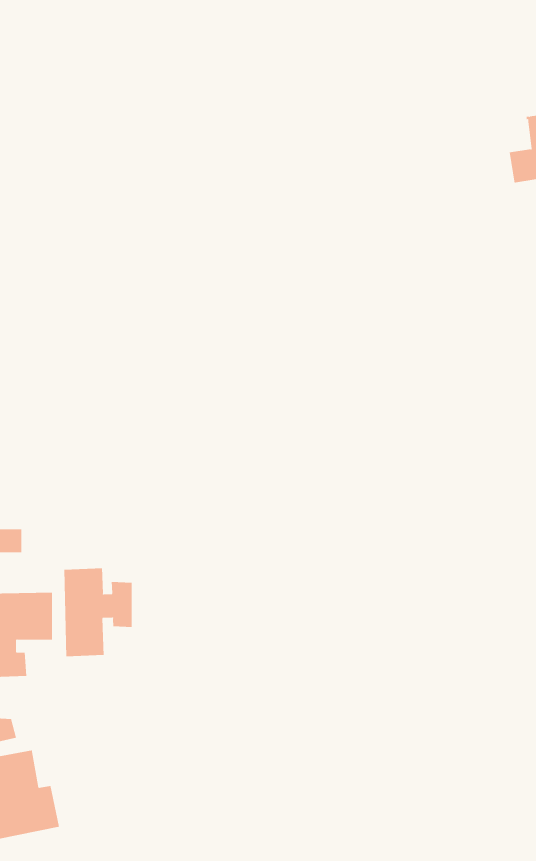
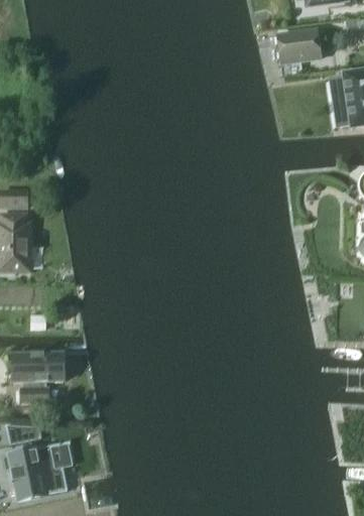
building: none -> [277,29,321,62]
building: [64,568,132,657] -> none

